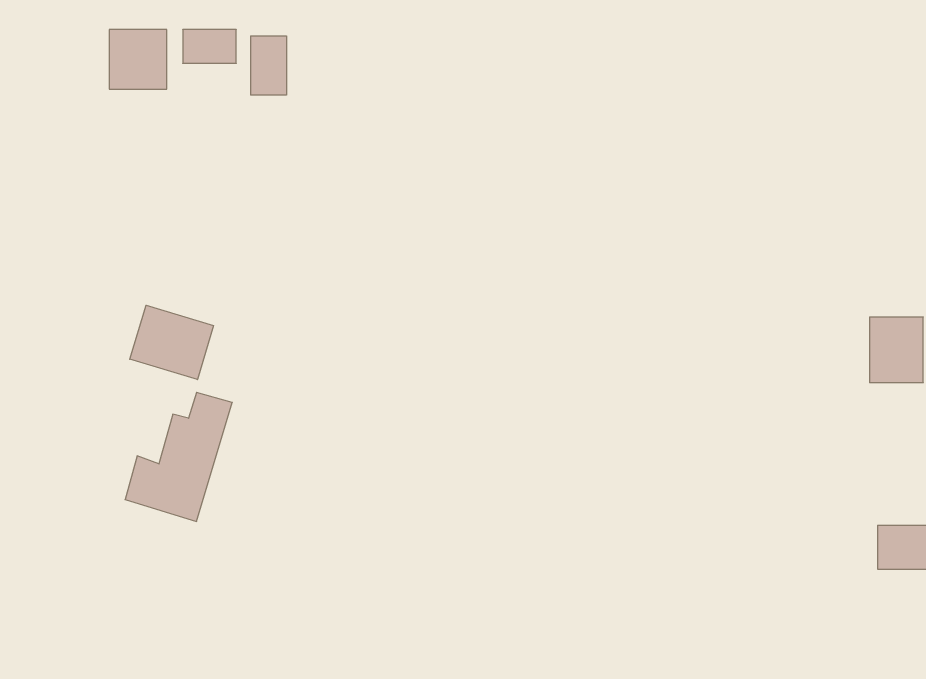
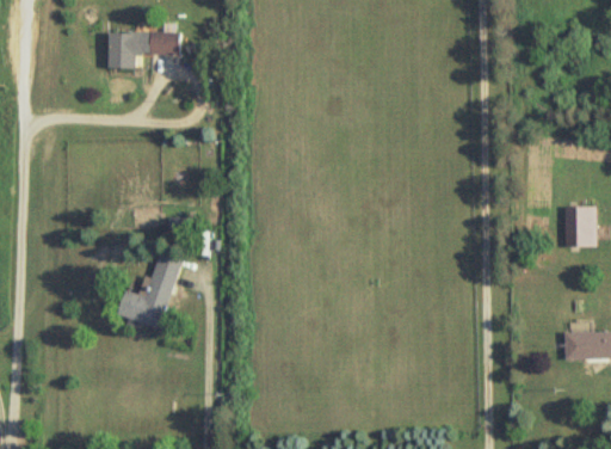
building: [251,36,286,95] -> none
building: [130,305,214,380] -> none

